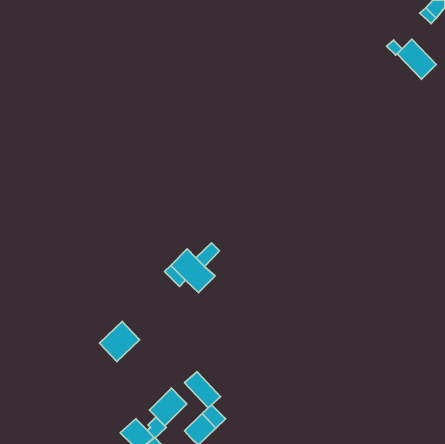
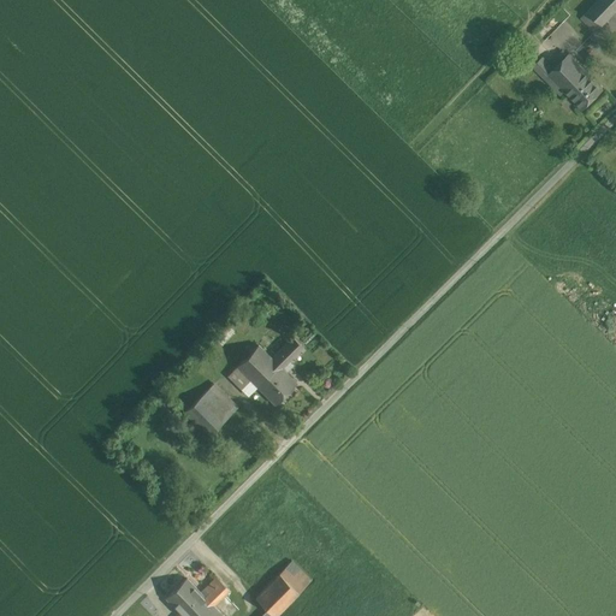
building: [100,321,140,362] -> [183,383,238,438]
building: [185,372,221,408] -> none
building: [149,388,187,426] -> none

